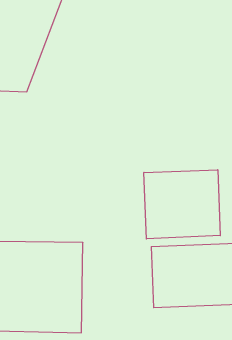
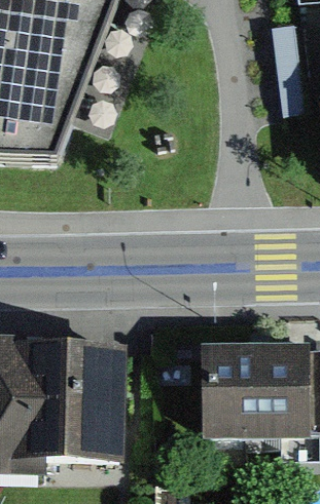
building: [144,170,220,239] -> none

